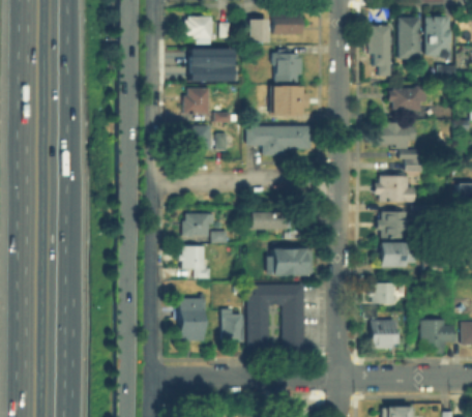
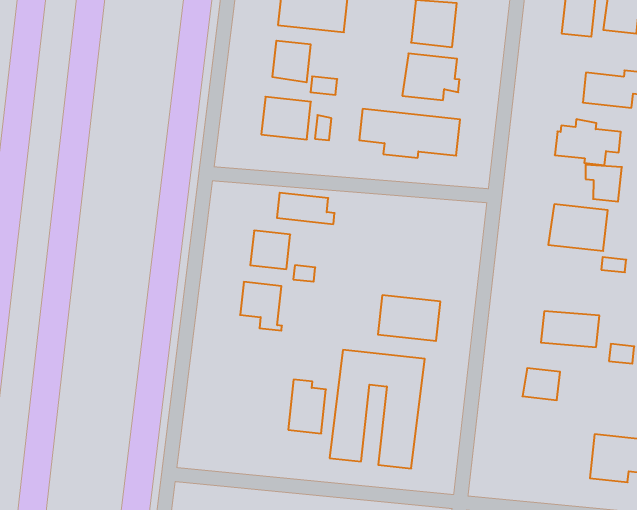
building: [253,212,290,229] -> [277,193,335,224]
building: [380,212,405,237] -> none
building: [179,299,204,338] -> none
building: [374,321,399,347] -> none

